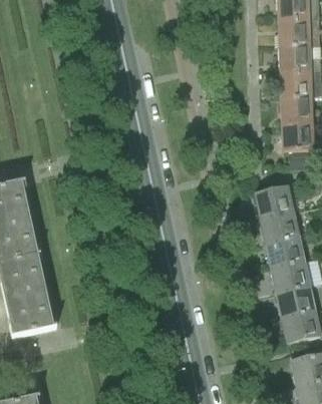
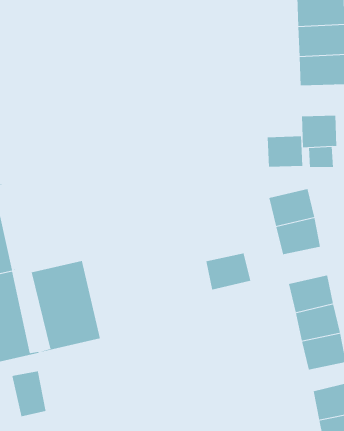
building: [281,96,312,123] -> [267,136,303,167]
building: [266,236,305,268] -> [206,253,251,290]
building: none -> [27,260,101,353]
building: none -> [12,371,46,417]

